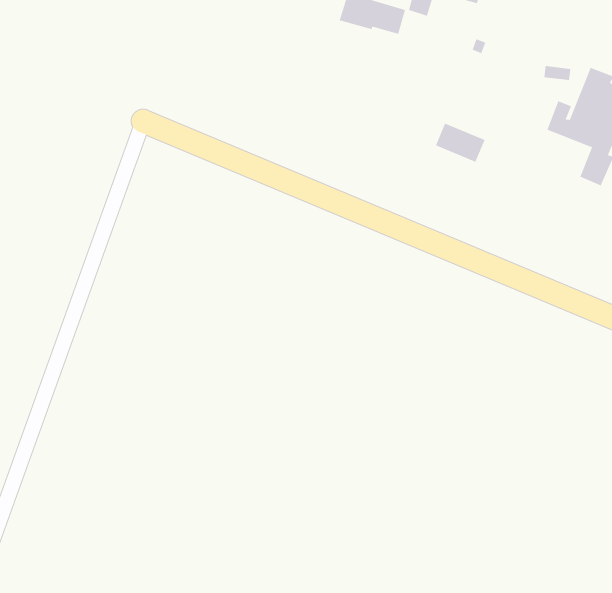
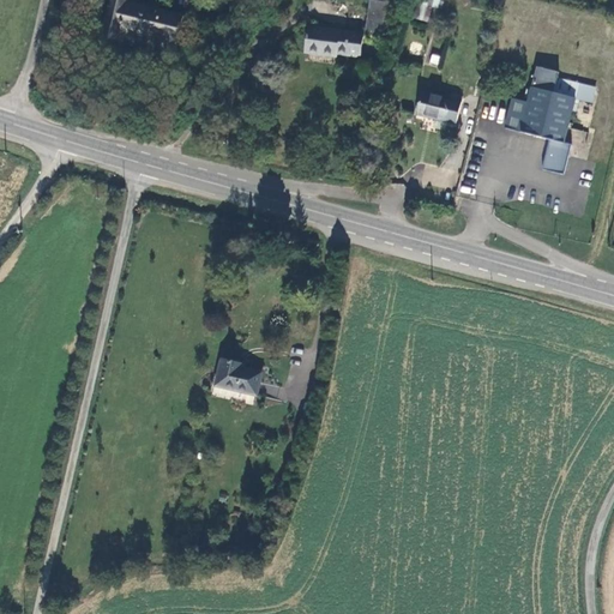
building: [435,123,485,163] -> [419,92,463,125]
building: none -> [216,354,263,389]

